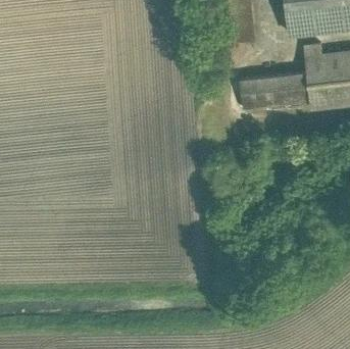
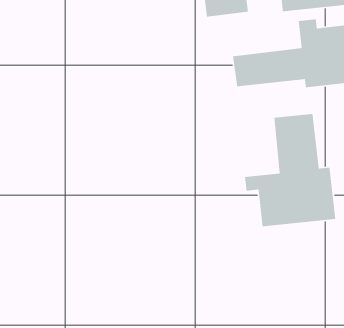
building: none -> [244,113,336,227]

